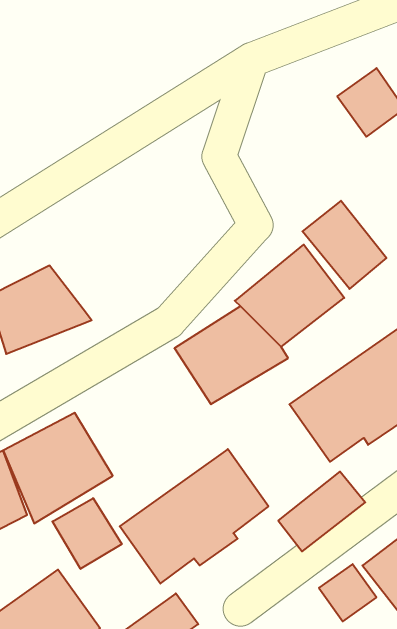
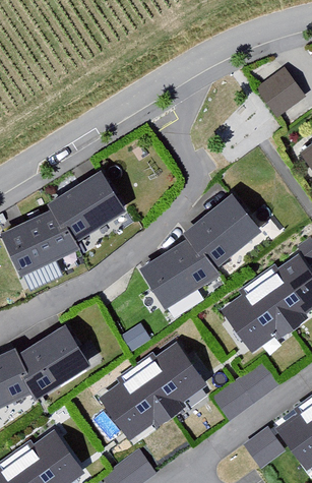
building: [302,201,386,289] -> none
building: none -> [49,168,127,241]
building: [52,498,122,569] -> none

